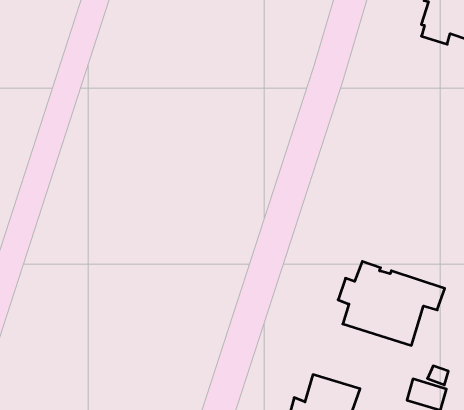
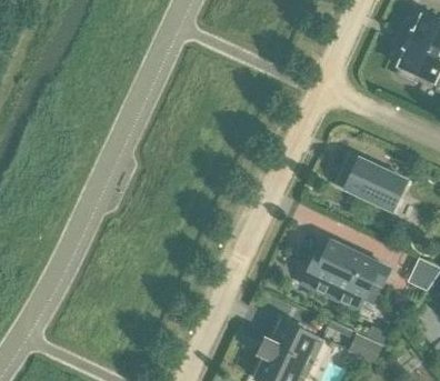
building: none -> [342,158,408,211]

